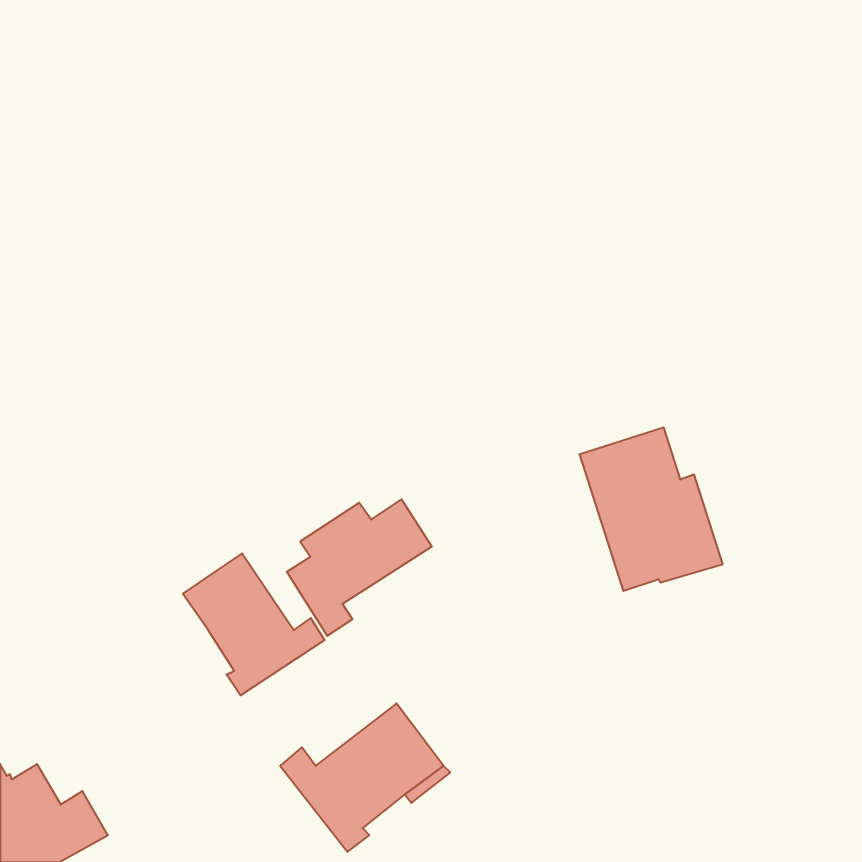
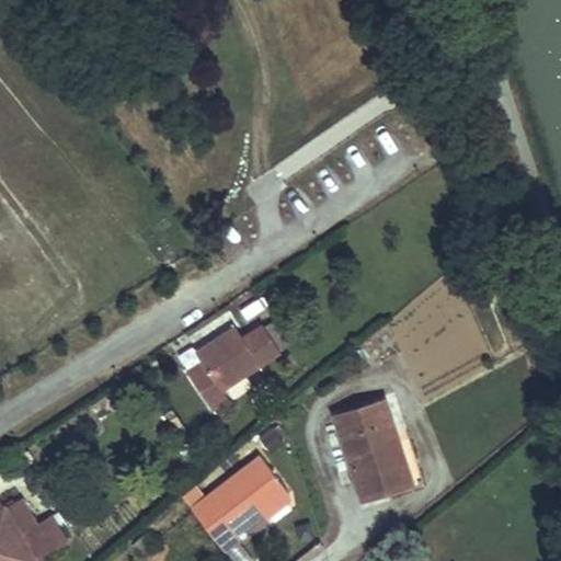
building: [579,427,723,591] -> [331,398,424,504]
building: [183,553,324,695] -> none

